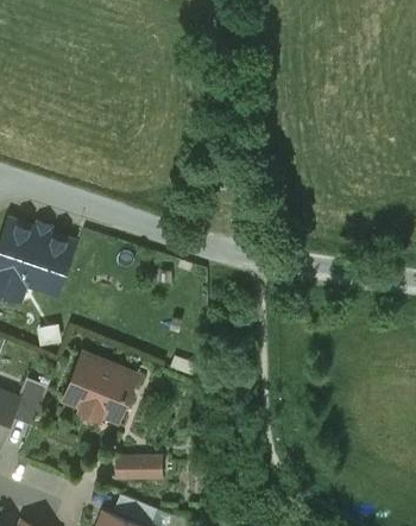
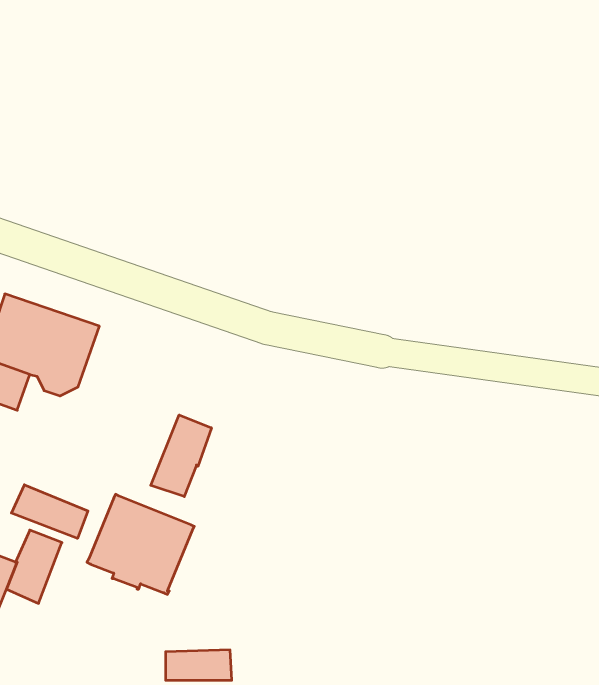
building: none -> [151,415,211,497]
building: none -> [11,485,88,538]

